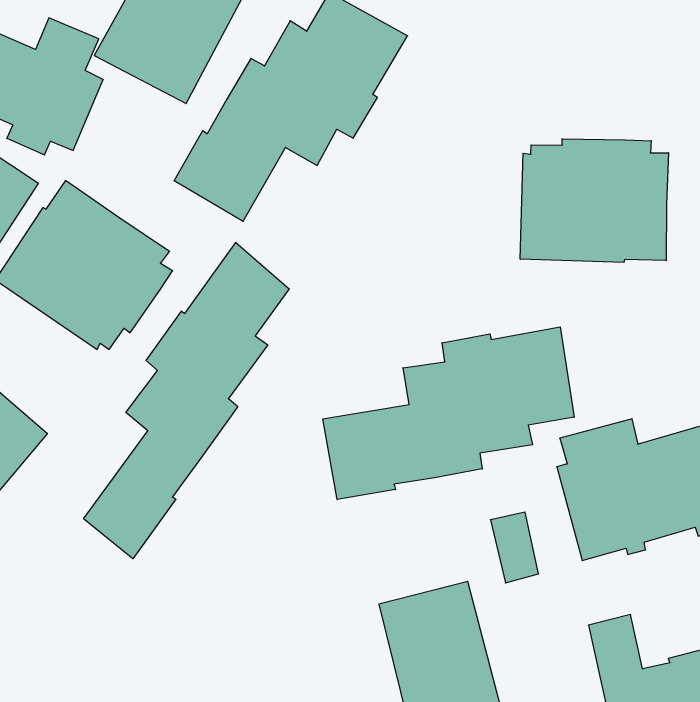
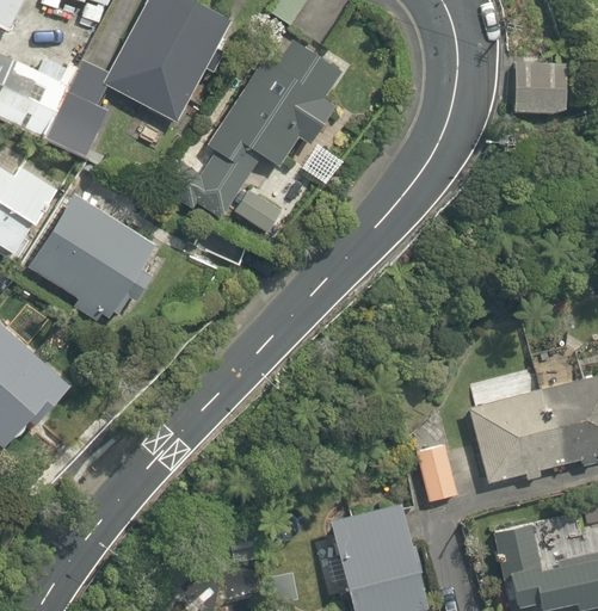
building: none -> [510,56,561,113]
building: [520,139,668,262] -> none
building: [84,242,289,559] -> none
building: [323,327,574,500] -> none

